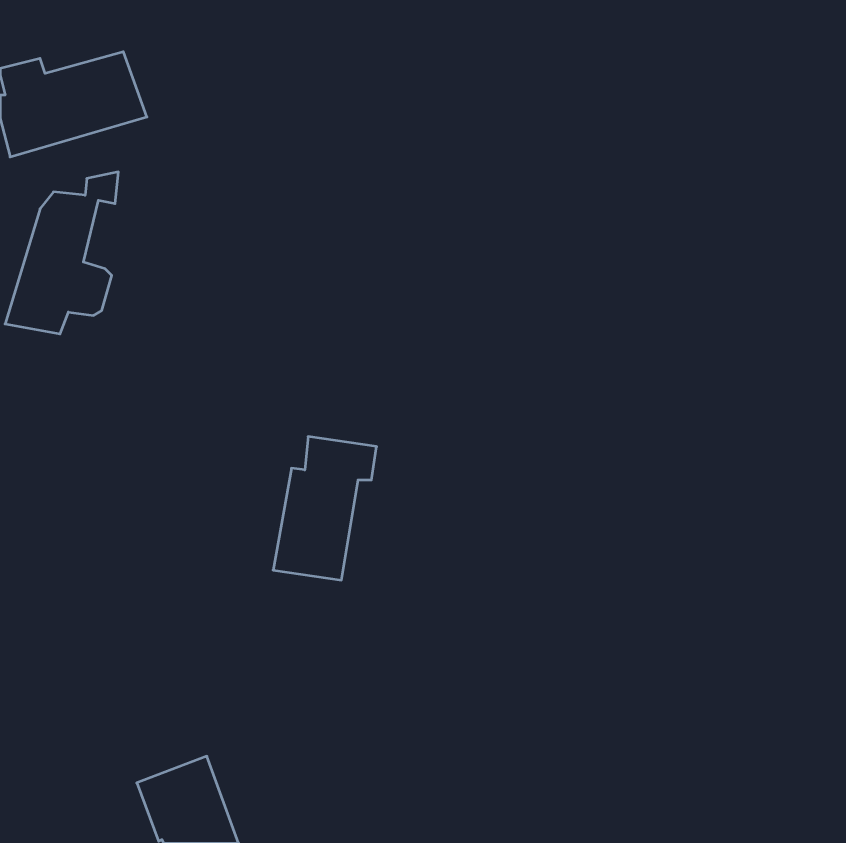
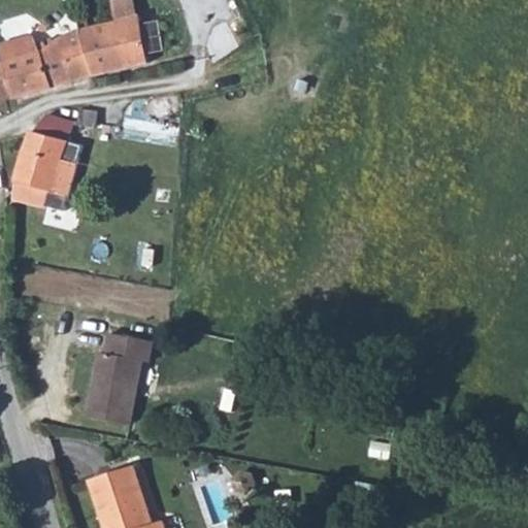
building: none -> [79,12,144,72]
building: [273,437,377,580] -> [87,336,151,425]

